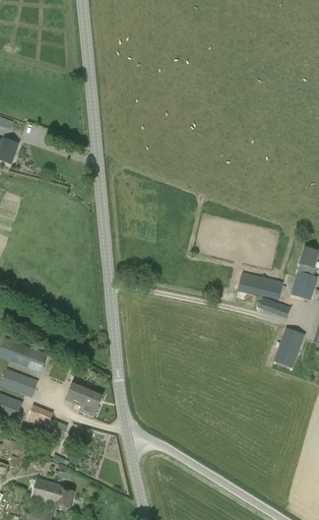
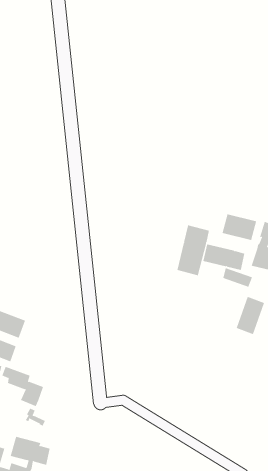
building: none -> [222,214,257,241]
building: none -> [177,225,209,276]
building: [65,383,104,417] -> none

